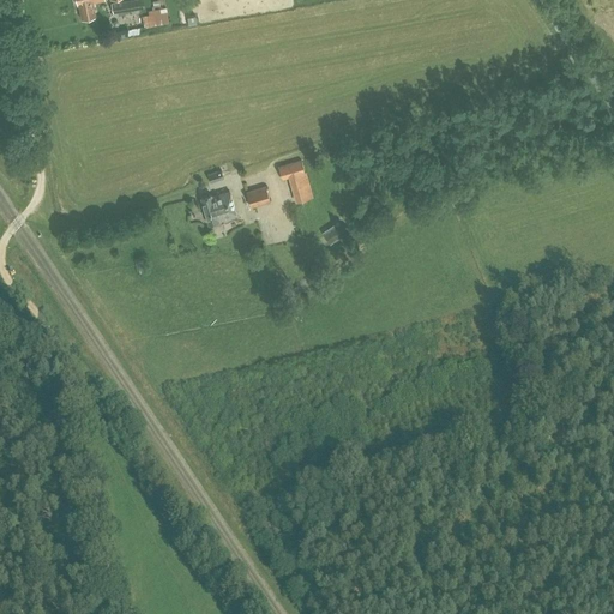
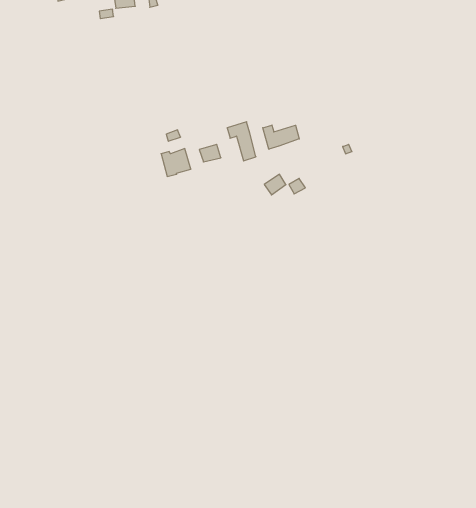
building: none -> [263,125,299,149]

